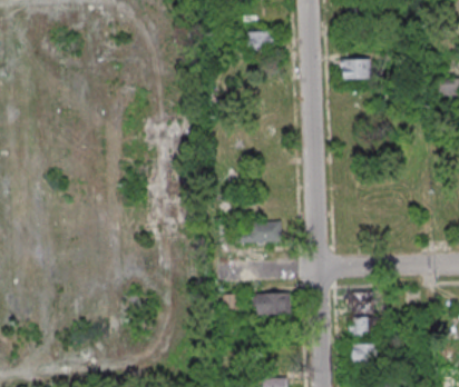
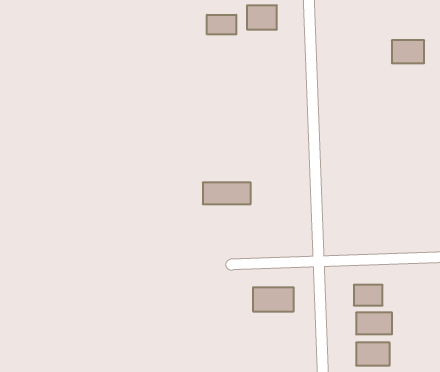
building: none -> [207,15,236,34]
building: [341,60,371,81] -> [392,40,424,63]
building: [236,222,281,242] -> [203,183,251,204]

